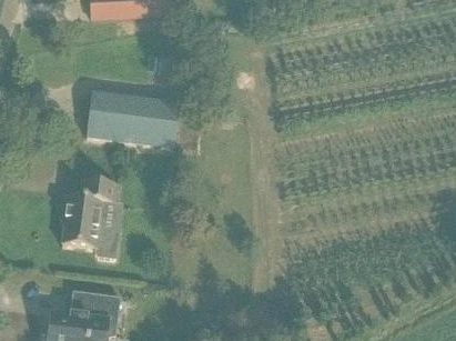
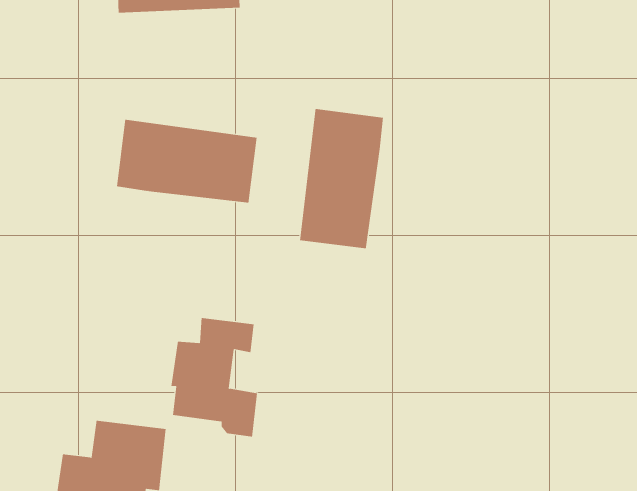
building: none -> [300,108,383,249]
building: [61,178,119,257] -> [170,318,258,437]

